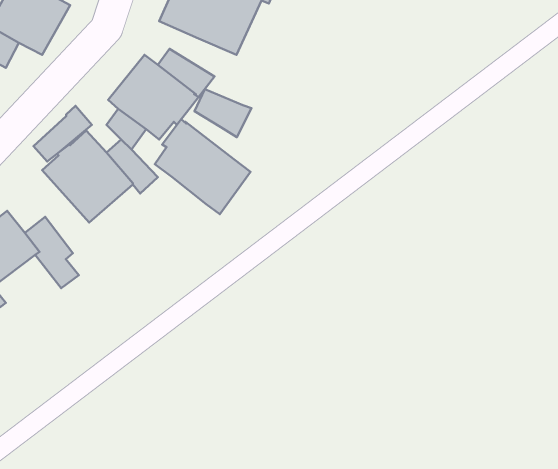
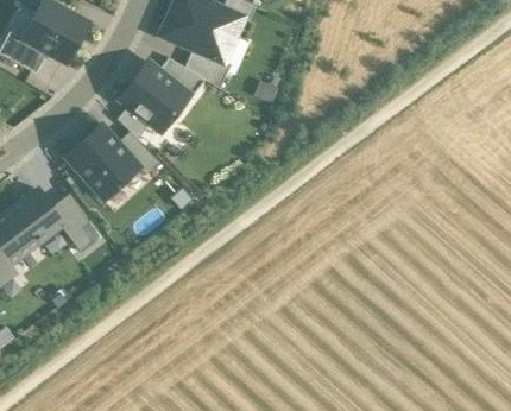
building: [195,89,252,137] -> [184,49,231,88]
building: [33,106,92,162] -> none
building: [155,119,250,214] -> none

